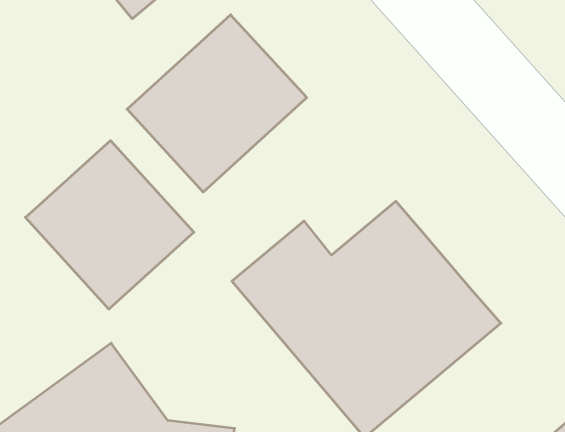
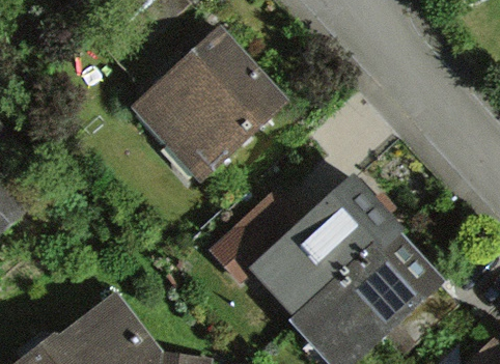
building: [25,141,194,309] -> none

